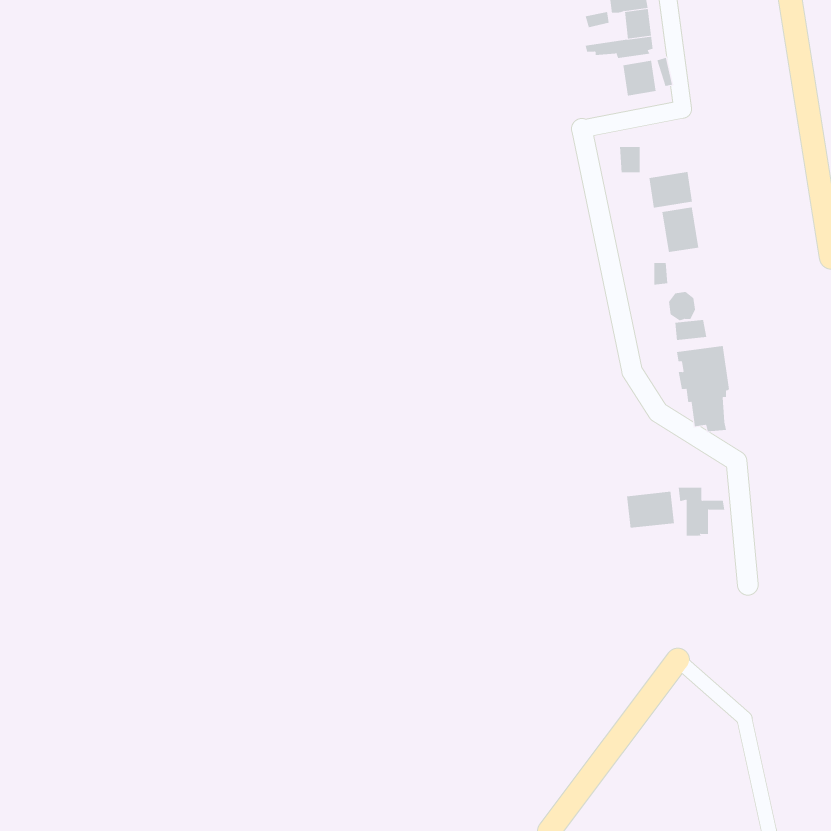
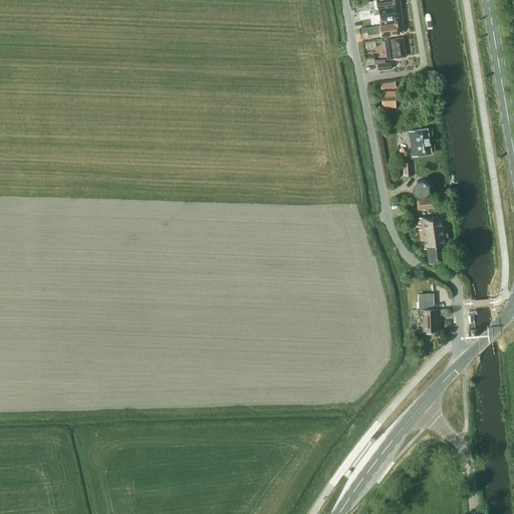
building: [649,171,693,208] -> none
building: [626,491,675,529] -> none

